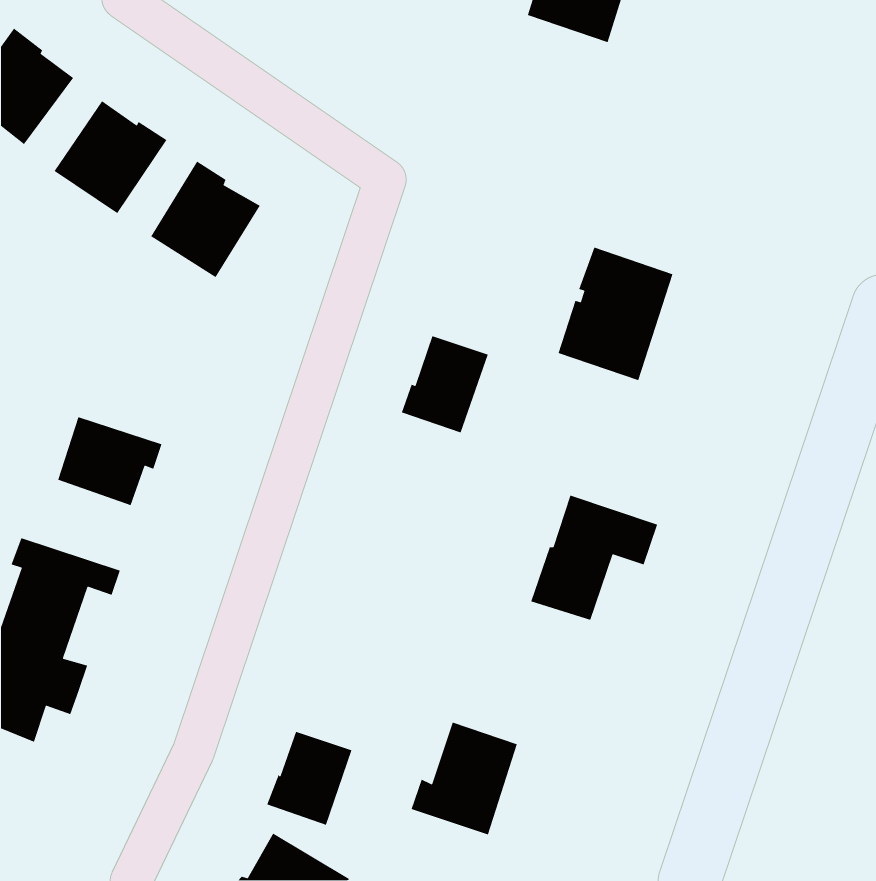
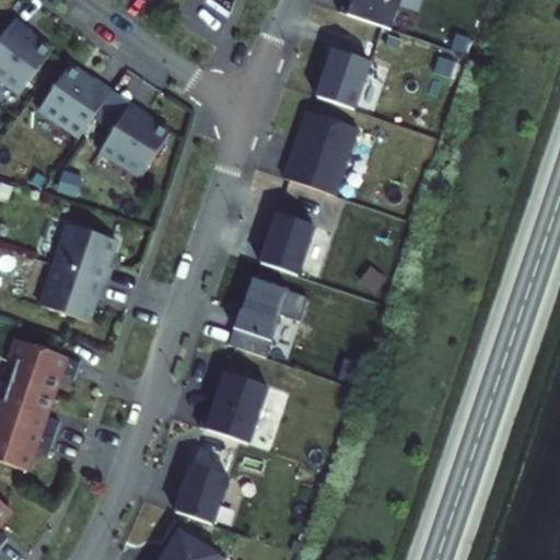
building: none -> [315,48,370,108]
building: [558,246,673,381] -> [283,109,357,195]
building: none -> [54,223,115,281]
building: [530,495,658,621] -> [226,276,307,355]
building: [411,721,518,835] -> [199,371,267,443]

